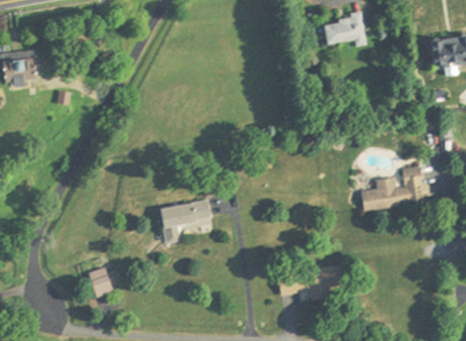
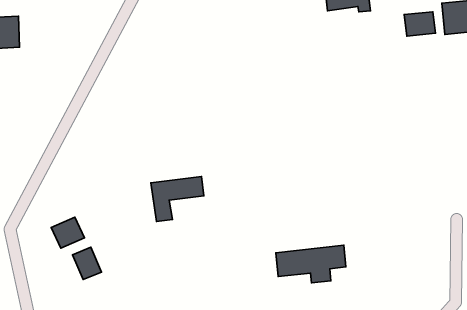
building: none -> [404,12,435,36]
building: [362,167,424,209] -> none
building: none -> [51,217,84,248]

